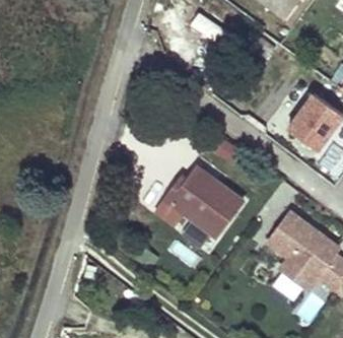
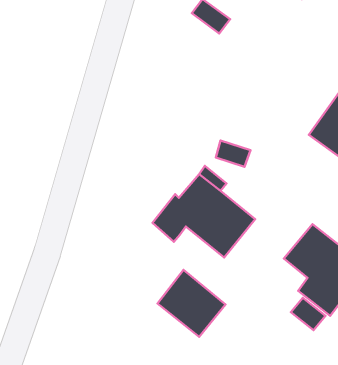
building: none -> [158,270,226,337]

